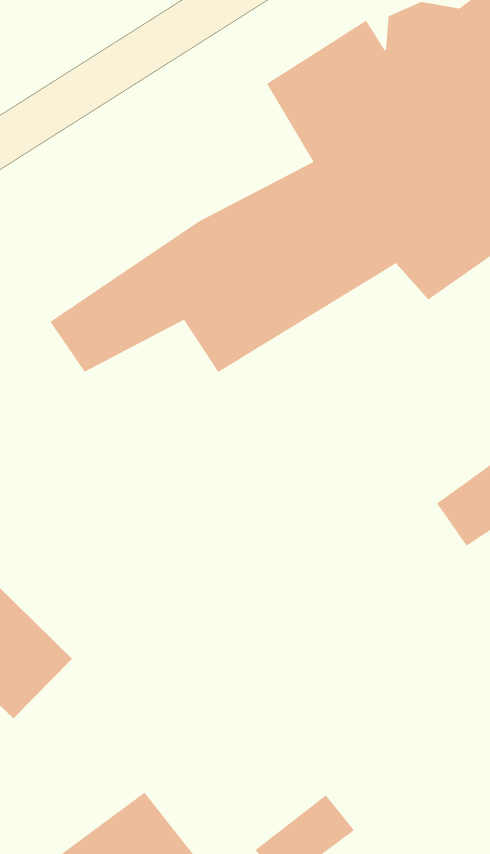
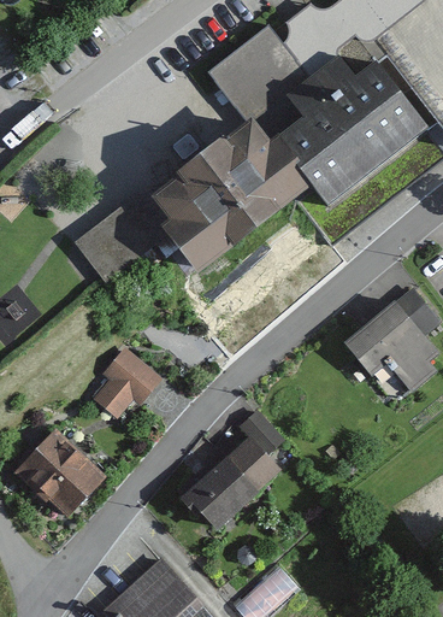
building: none -> [89,347,163,423]
building: none -> [187,429,288,529]

